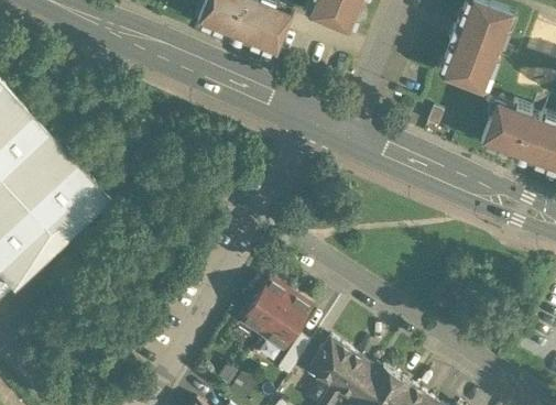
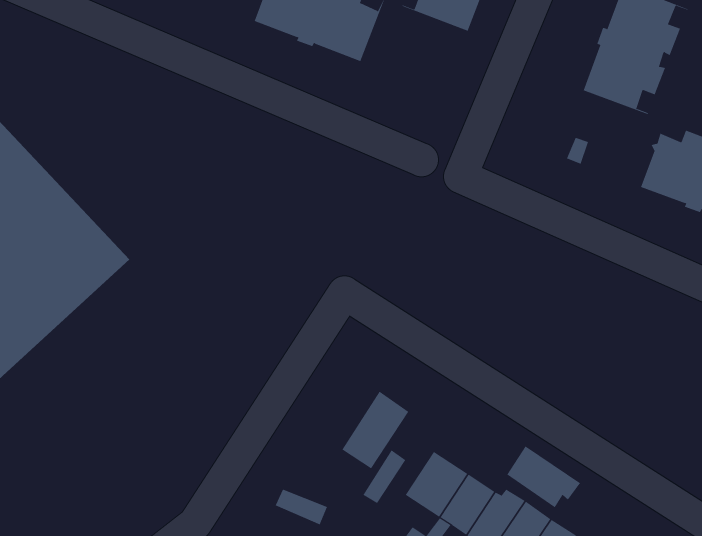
building: [240,280,290,337] -> none
building: none -> [506,445,581,508]

